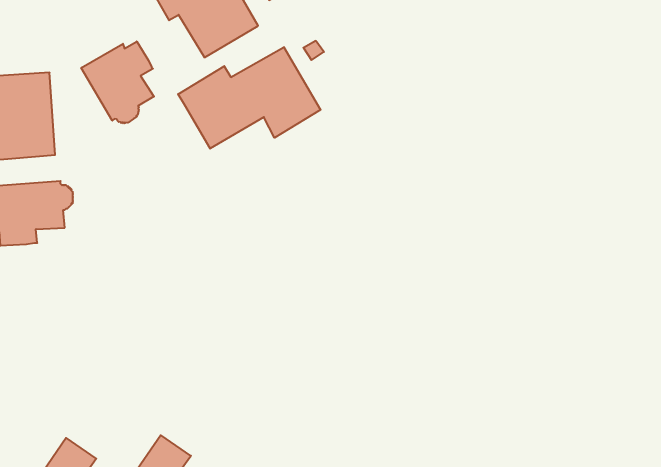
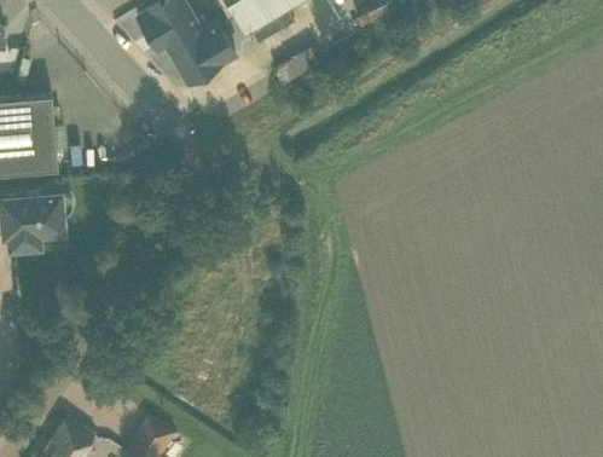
building: [81,41,154,123] -> none
building: [178,47,321,149] -> none

